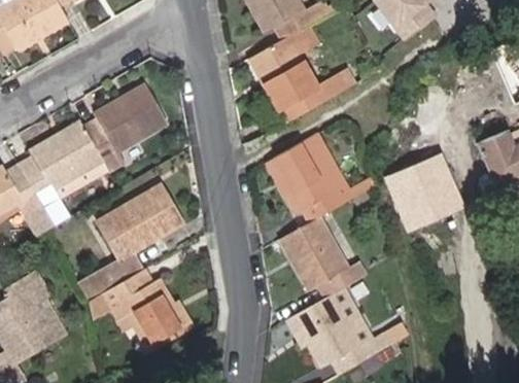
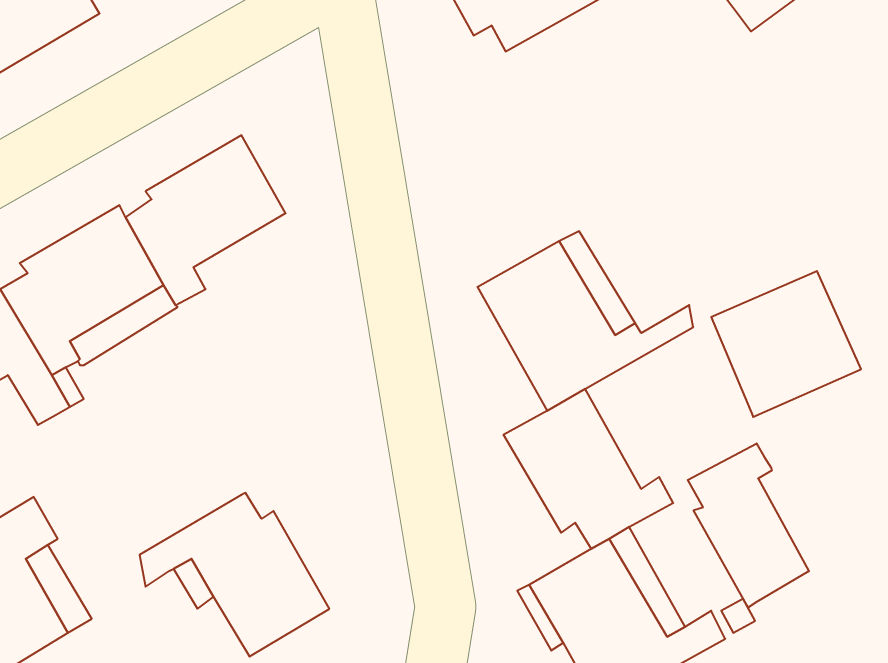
building: [247,26,349,118] -> none
building: [78,183,182,301] -> none
building: none -> [688,443,809,608]

